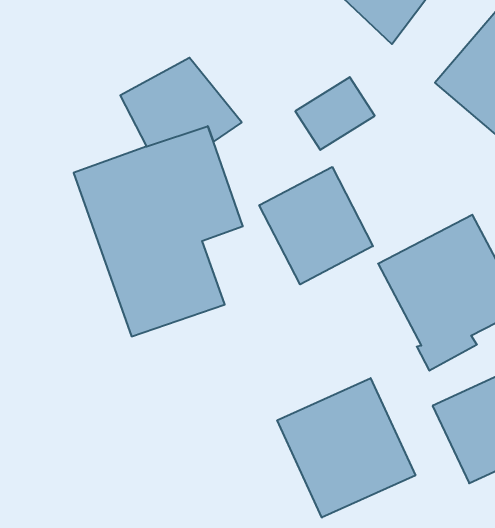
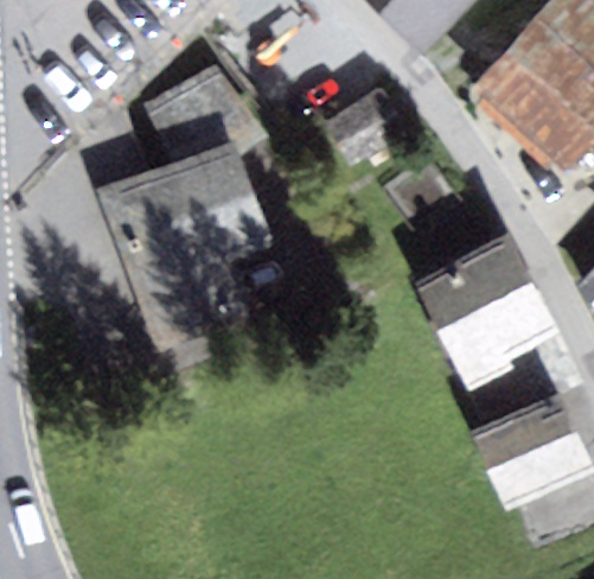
building: [259,167,373,284] -> none
building: [277,378,415,518] -> none

